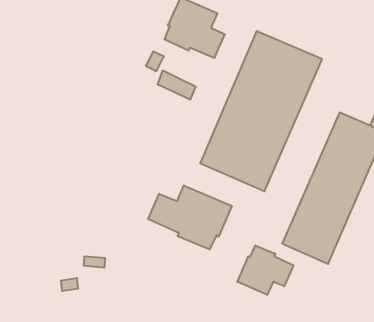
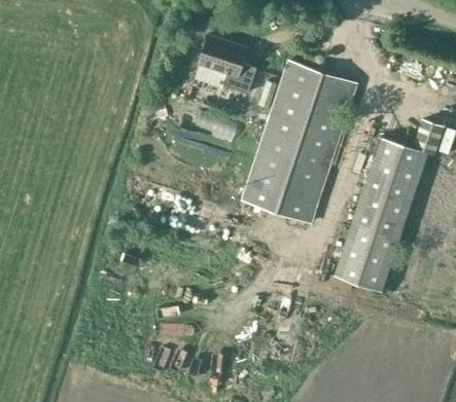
building: [148,185,232,249] -> none
building: [237,245,293,295] -> none

